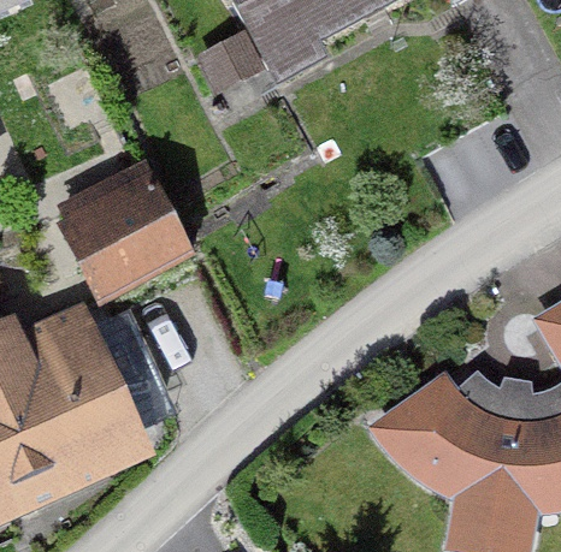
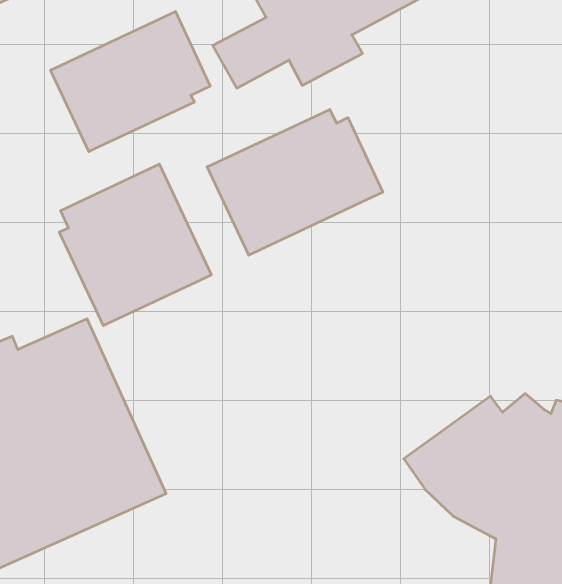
building: none -> [51,11,210,152]
building: none -> [207,109,383,255]

